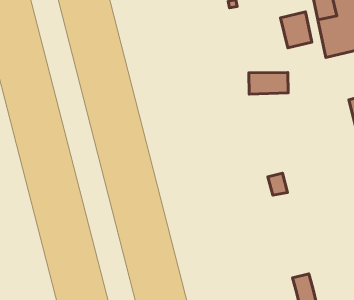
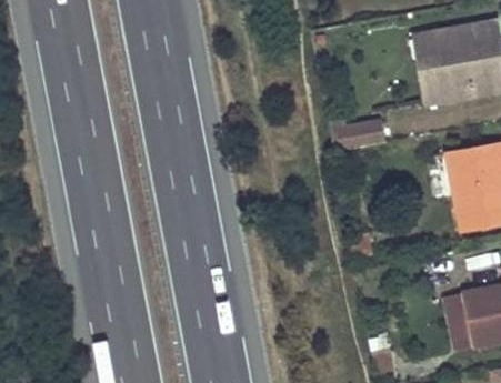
building: [280,12,312,48] -> none

